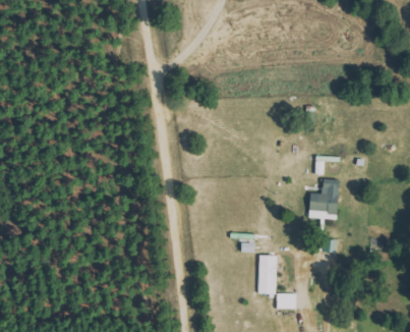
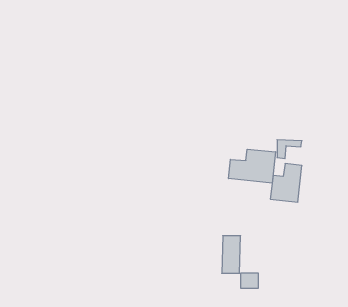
building: none -> [229,149,276,183]

